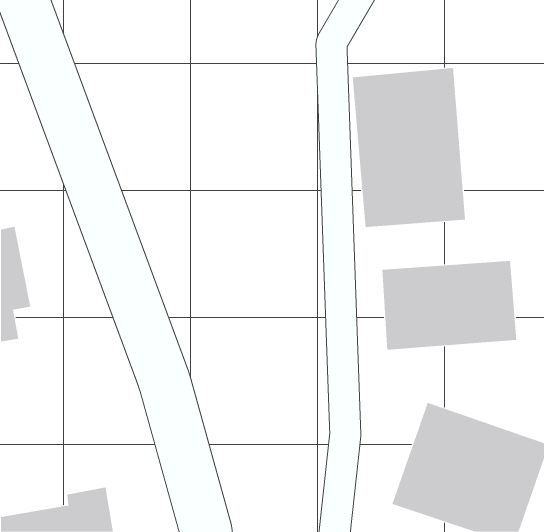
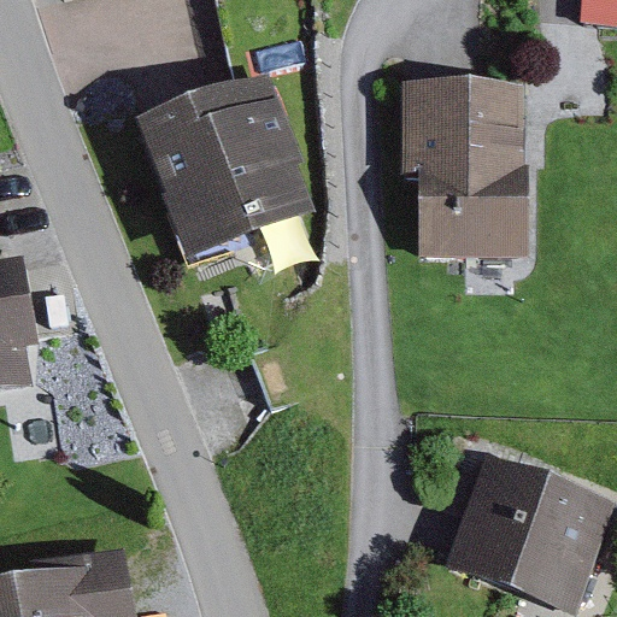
building: none -> [134,72,316,255]
building: [382,260,517,351] -> none

